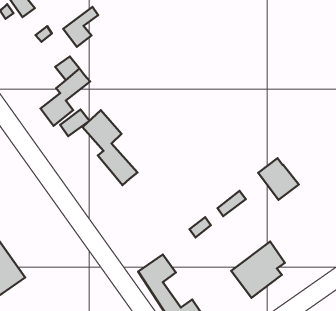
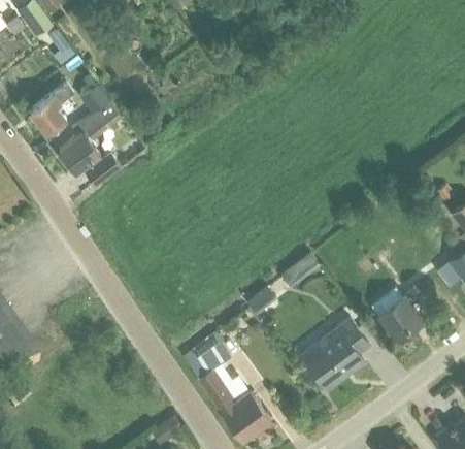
building: [63,7,98,47] -> [29,82,73,132]
building: [83,110,137,185] -> none
building: [258,158,299,200] -> [370,286,422,339]

